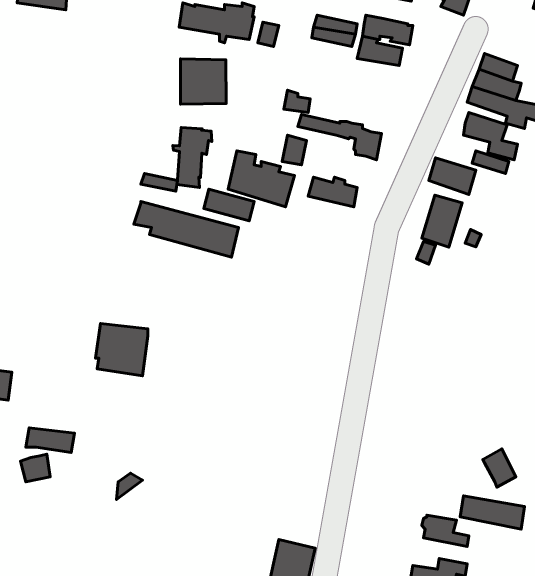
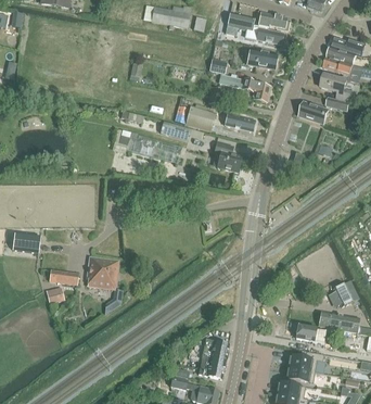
building: [180,59,226,104] -> none
building: none -> [245,50,278,70]
building: [173,127,212,187] -> none
building: [422,195,462,247] -> none
building: none -> [214,141,242,172]
building: [95,323,148,376] -> [86,256,118,289]

